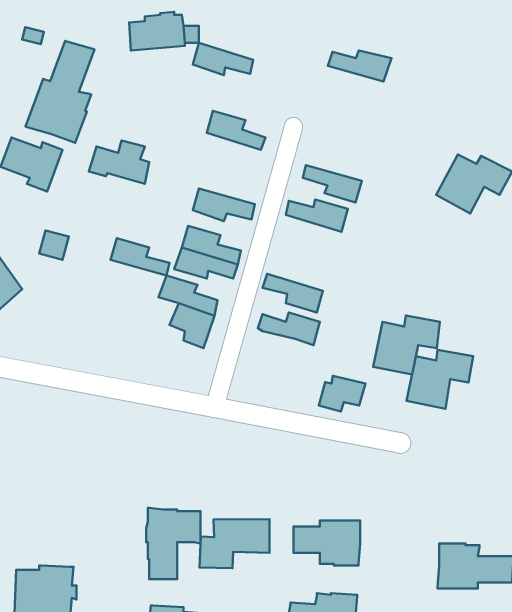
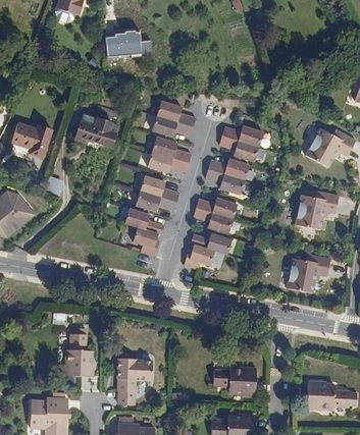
building: [26,41,94,143] -> none
building: [193,43,253,75] -> [151,112,191,133]
building: [328,50,391,81] -> [220,123,262,144]
building: none -> [204,166,244,192]
building: [111,238,169,275] -> [150,134,189,159]
building: none -> [195,196,236,216]
building: [373,316,440,375] -> [295,188,339,227]
building: [319,376,365,412] -> [183,242,213,266]
building: none -> [63,333,94,378]
building: [200,519,270,568] -> none

